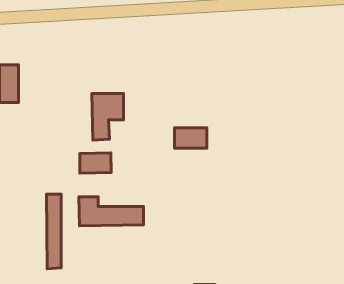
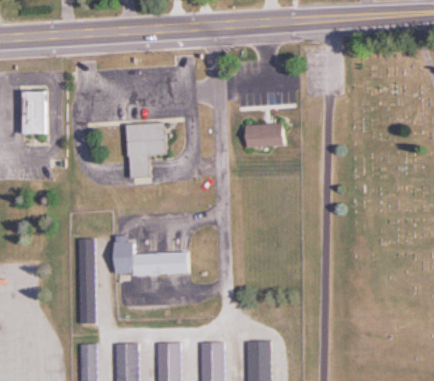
building: [175,128,207,148] -> [247,124,284,147]
building: [80,153,111,173] -> none

